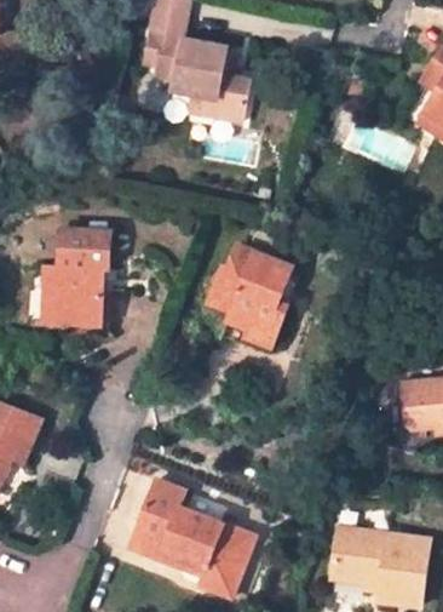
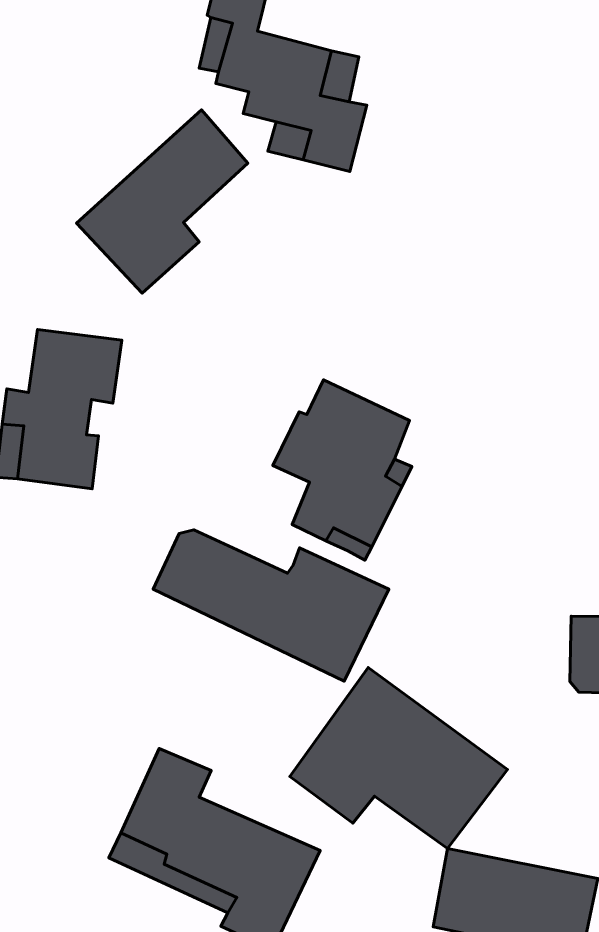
building: none -> [77,110,248,293]
building: none -> [153,530,389,681]
building: none -> [290,667,507,849]

